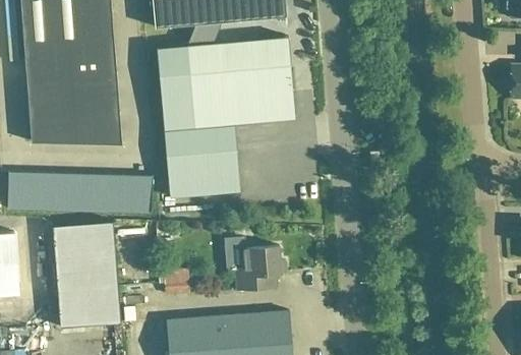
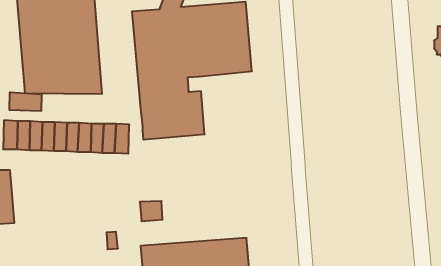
building: none -> [9,92,42,111]
building: [53,220,121,328] -> none
building: [224,234,286,290] -> none

